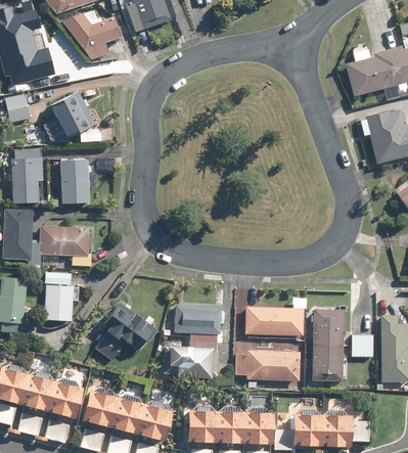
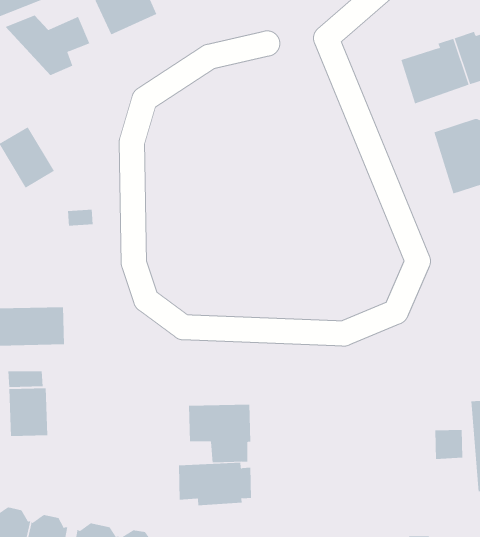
building: [59,158,89,202] -> none
building: [94,303,157,361] -> none
building: [244,307,304,335] -> none
building: [312,310,343,381] -> none
building: [234,350,300,380] -> none

